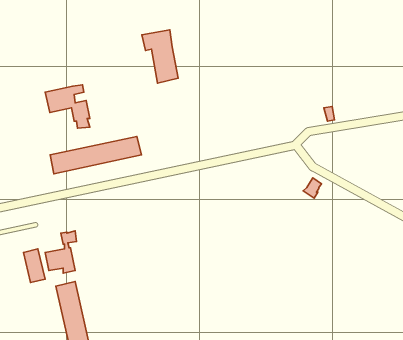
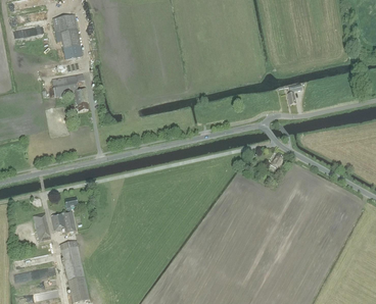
building: [142,30,178,83] -> [51,14,82,59]
building: [50,136,142,174] -> none

